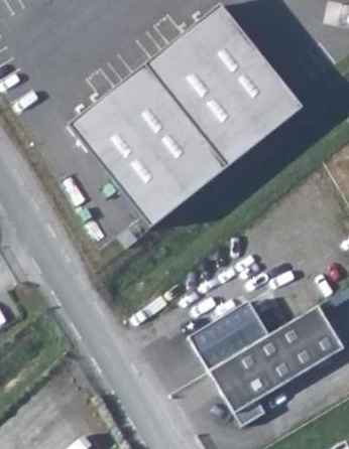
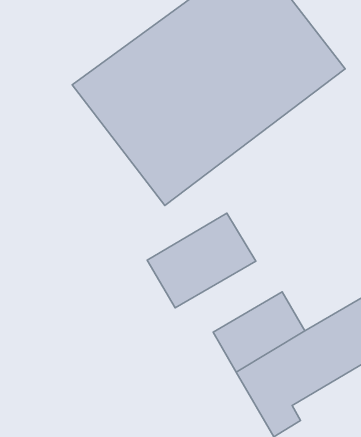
building: none -> [147,213,256,308]

